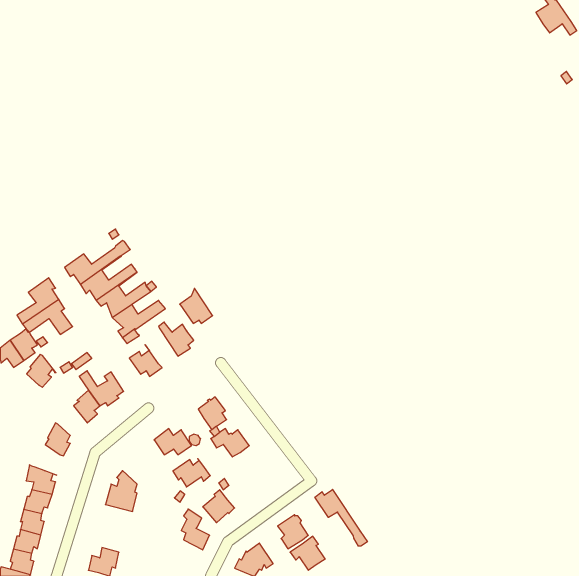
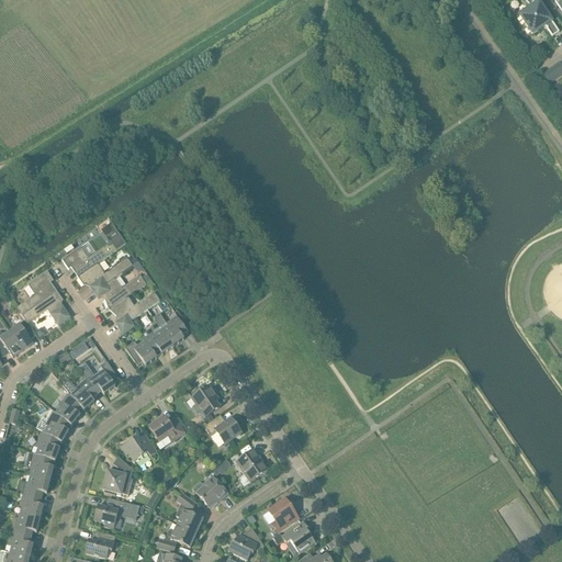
building: [180,288,213,323] -> [140,318,172,352]
building: [27,354,56,387] -> [56,392,85,424]
building: none -> [34,430,59,460]
building: [173,459,210,487] -> [121,434,157,461]
building: none -> [236,448,268,485]
building: [315,489,367,546] -> none
building: none -> [93,496,131,527]
building: none -> [158,522,196,551]

